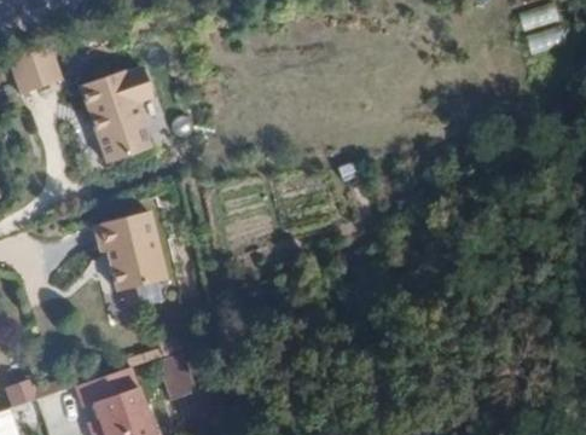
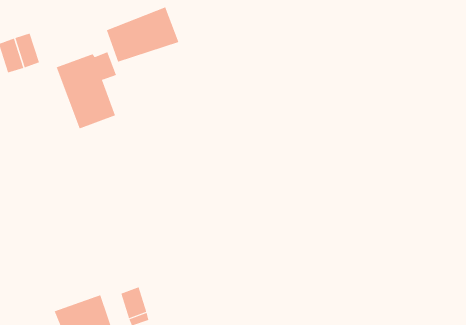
building: none -> [106,6,179,62]
building: [94,209,166,290] -> none

